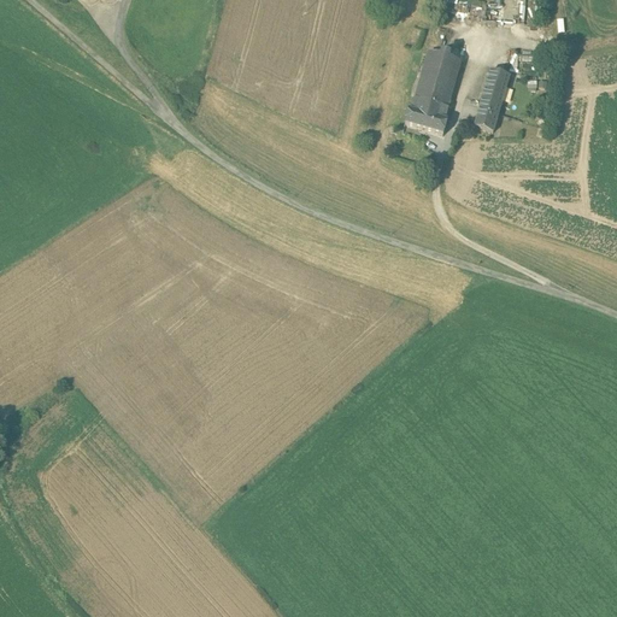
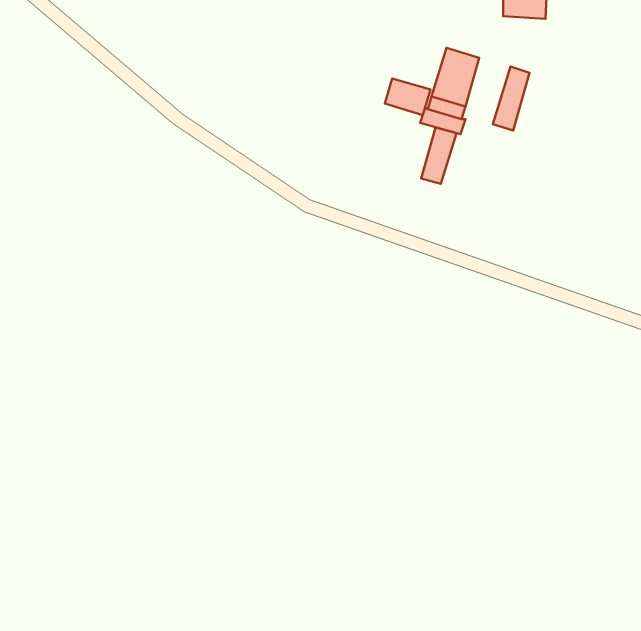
building: none -> [385,78,430,115]
building: none -> [421,127,456,184]

